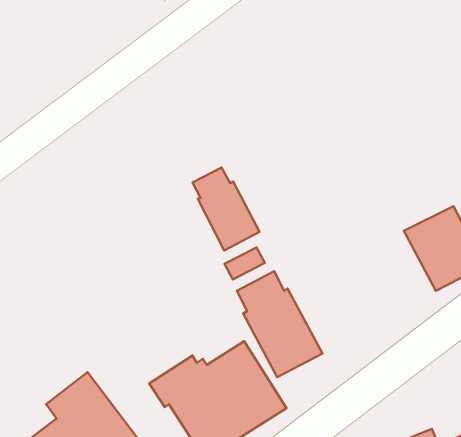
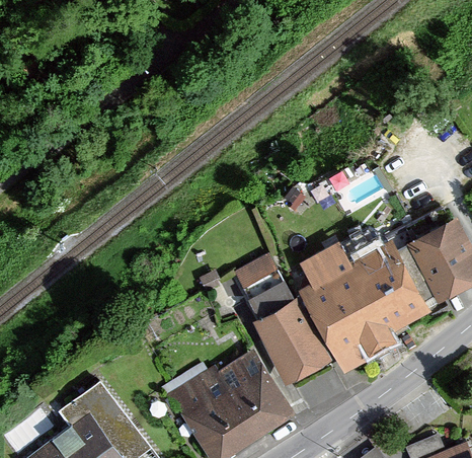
building: [193,167,259,250] -> none
building: none -> [299,238,428,374]

